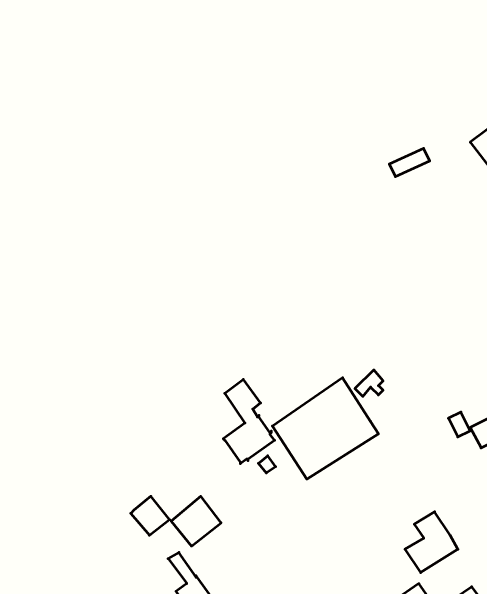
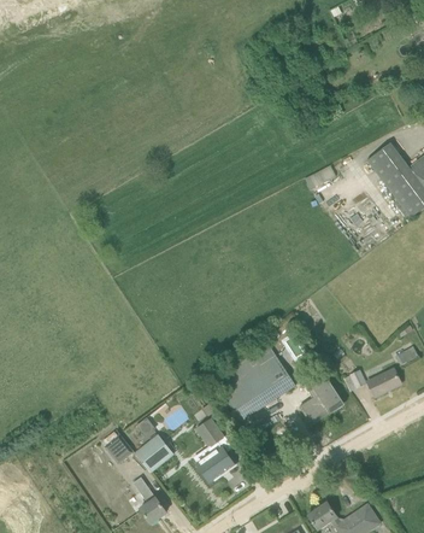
building: [223,379,275,464] -> [195,417,235,482]
building: [405,512,458,573] -> [299,376,340,423]

